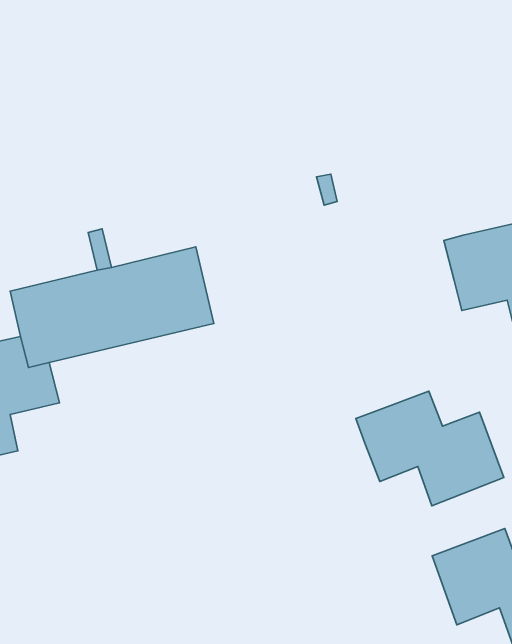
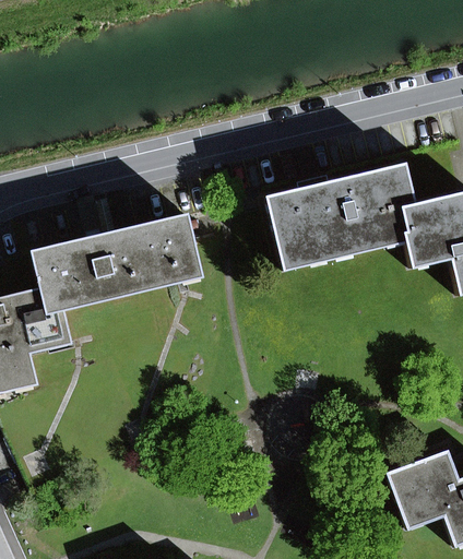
building: none -> [266,164,413,270]
building: [356,391,504,506] -> none

